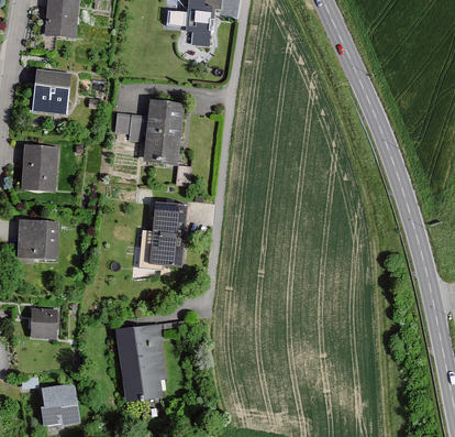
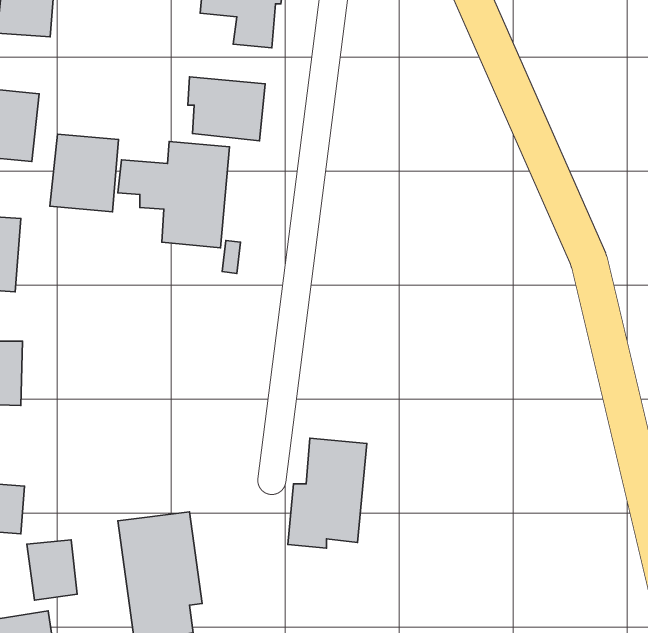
building: none -> [188,77,265,141]
building: none -> [50,134,118,212]
building: [140,203,187,269] -> [288,438,367,548]
building: none -> [27,540,77,600]

